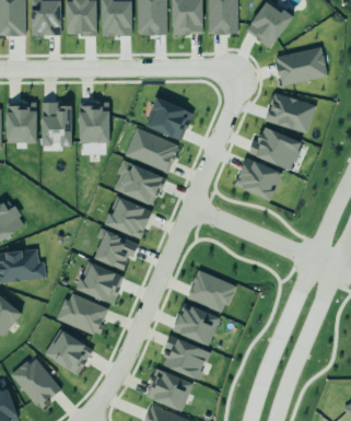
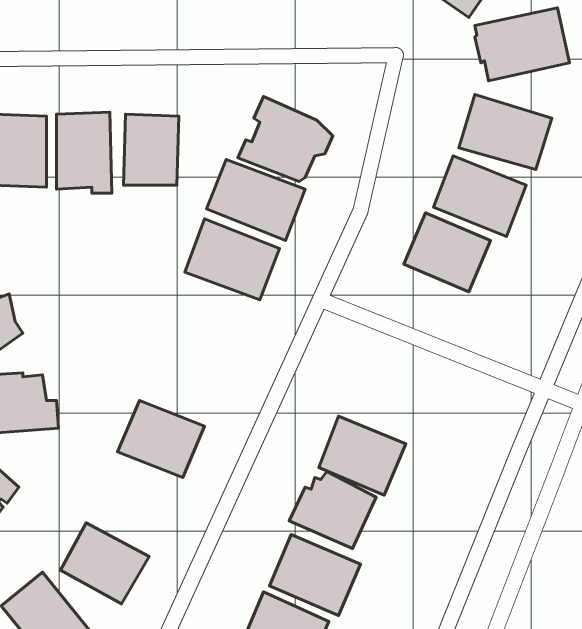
building: [104,196,152,239] -> none
building: [94,229,139,270] -> none
building: [57,292,109,337] -> none

